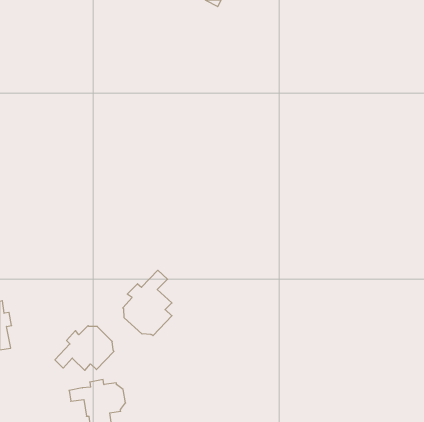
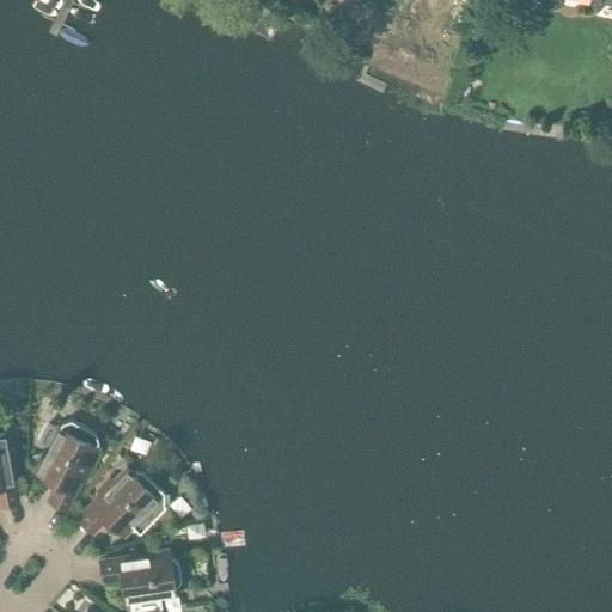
building: [123,270,172,336] -> none
building: none -> [35,423,97,510]

